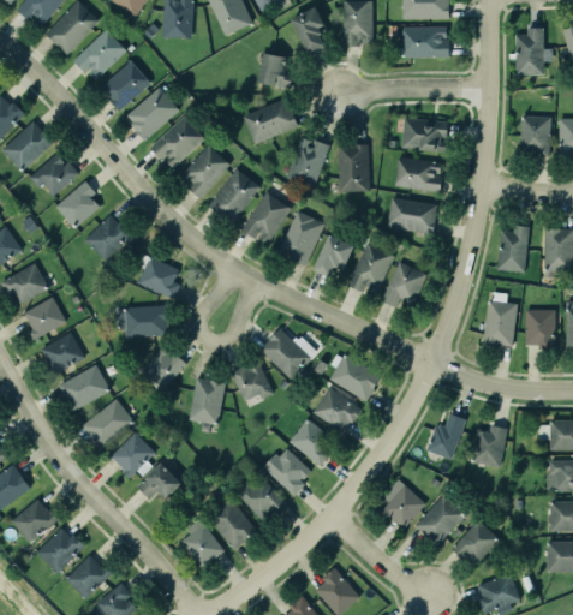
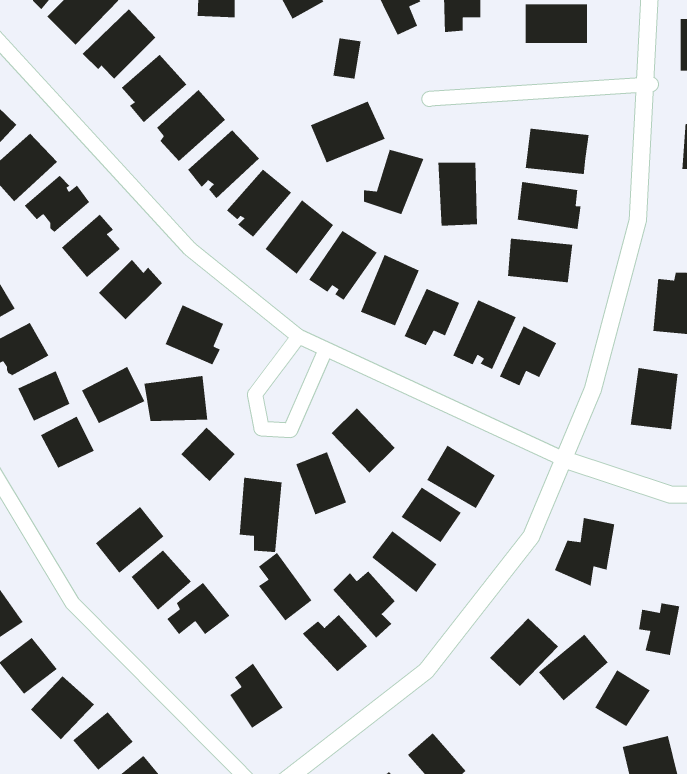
building: [60,365,108,408] -> [81,366,145,424]
building: [472,422,503,461] -> [638,602,680,656]
building: [213,495,253,547] -> [258,552,313,621]

